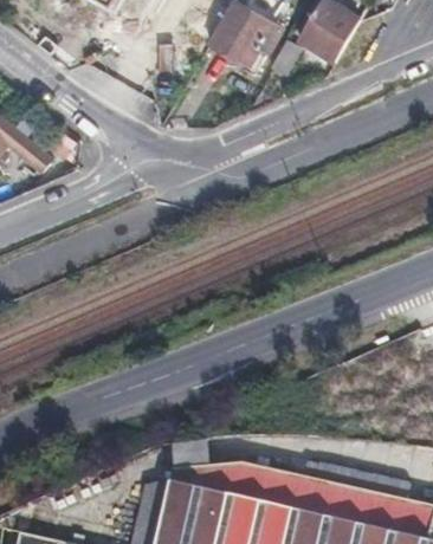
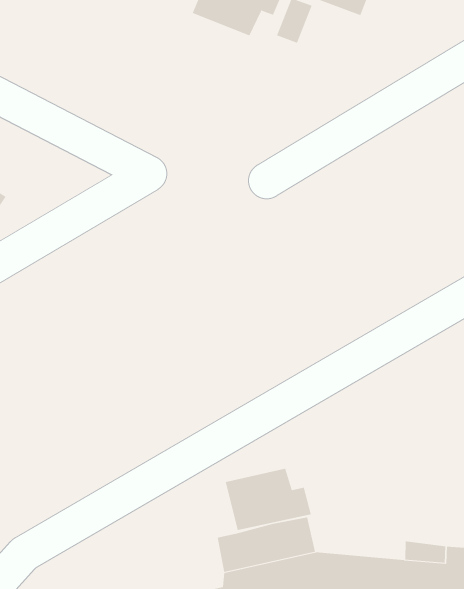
building: none -> [225,468,311,531]

